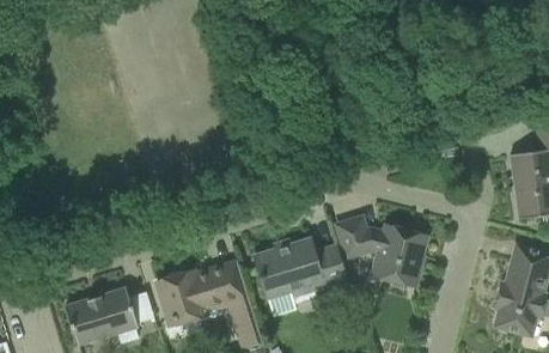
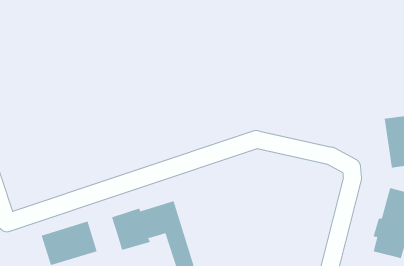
building: [336,218,425,286] -> none
building: [254,238,346,305] -> none

